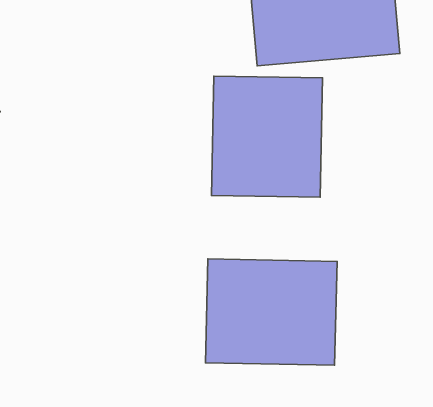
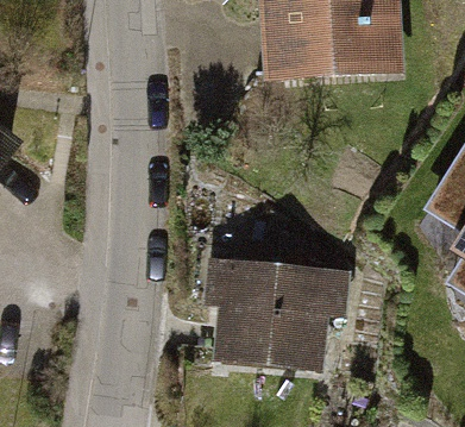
building: [211,76,323,197] -> none

